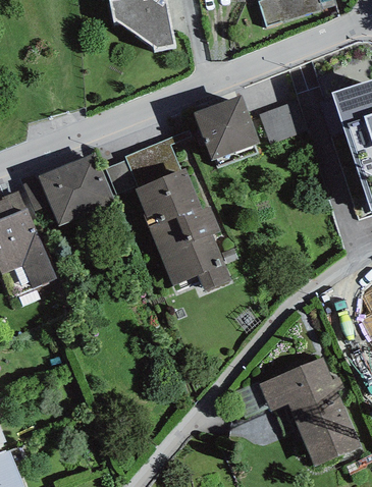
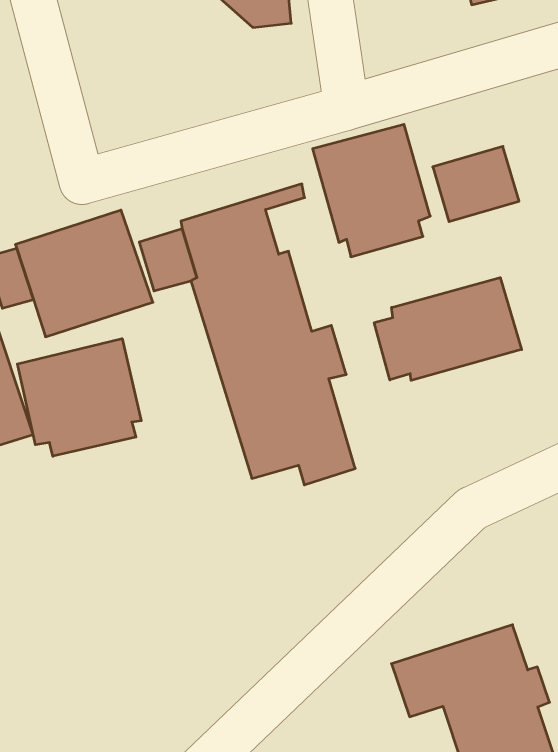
building: none -> [374,278,522,380]
building: none -> [17,339,141,456]

